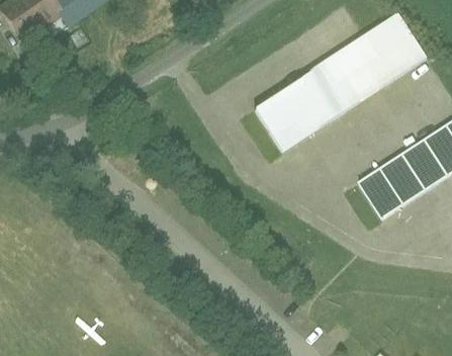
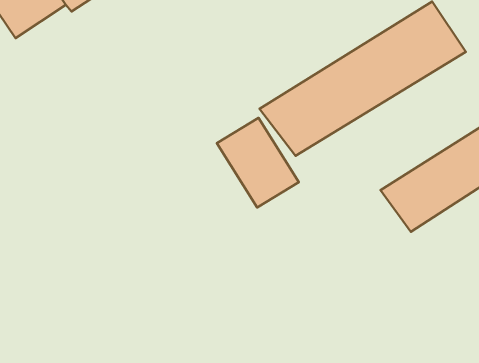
building: none -> [217,118,299,208]

